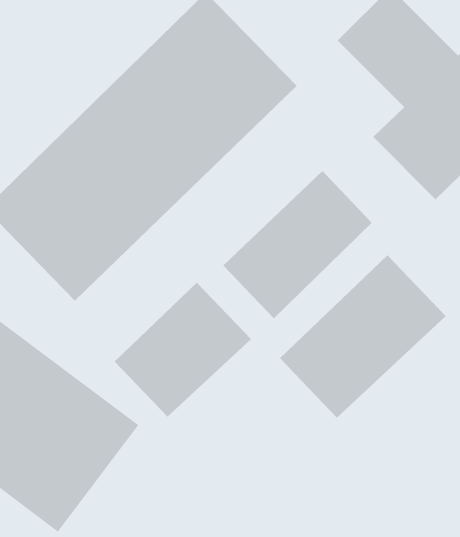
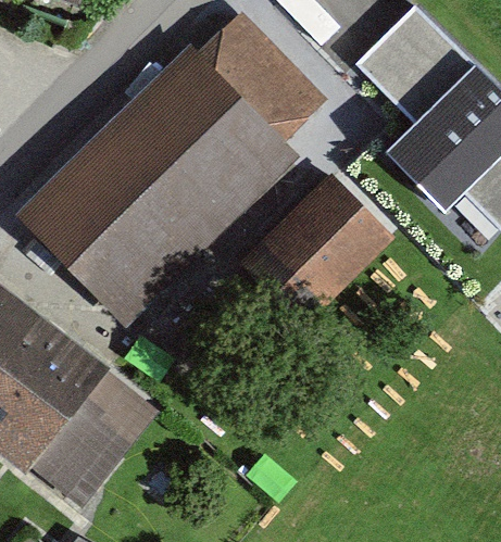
building: [279,254,446,418] -> none
building: [114,282,252,418] -> none

